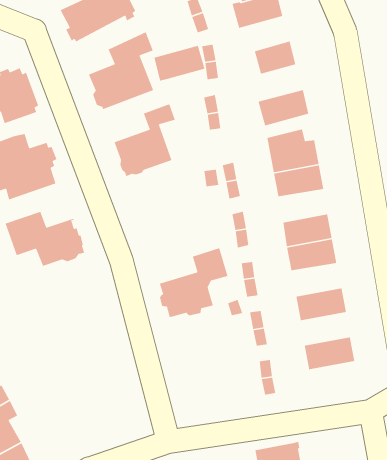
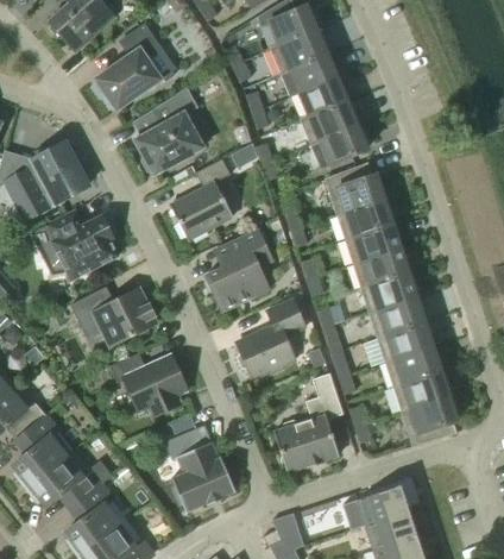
building: [154,45,205,81] -> [282,52,336,95]
building: none -> [301,100,357,143]
building: none -> [204,230,272,310]
building: none -> [346,224,399,263]
building: none -> [370,297,424,337]
building: none -> [109,352,188,415]
building: none -> [386,346,440,385]
building: none -> [275,372,344,471]
building: none -> [165,427,235,511]
building: none -> [402,395,456,445]

